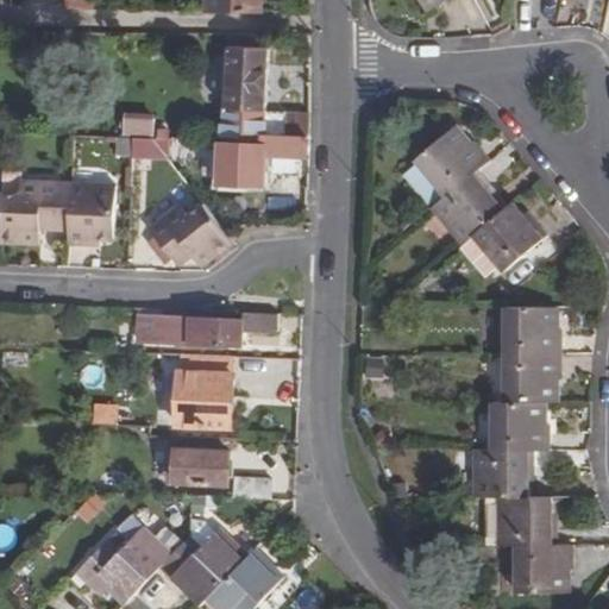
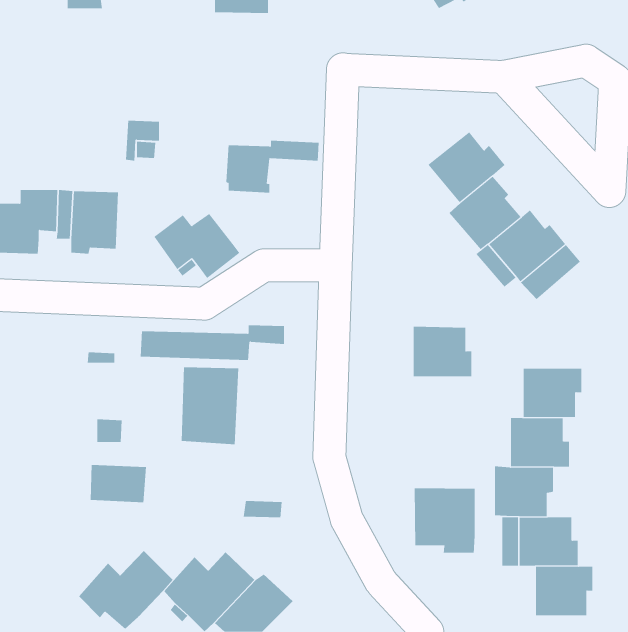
building: [219,45,307,140] -> none
building: [502,304,559,353] -> [413,326,472,377]
building: [171,448,226,485] -> [90,464,147,503]
building: none -> [414,487,475,554]

